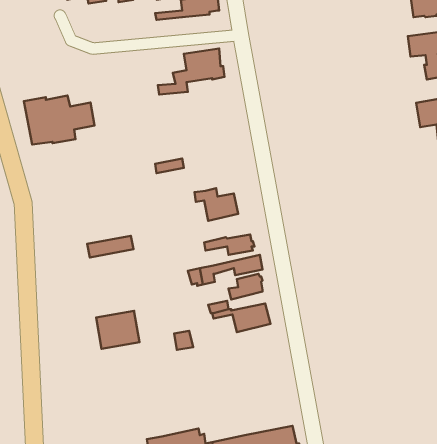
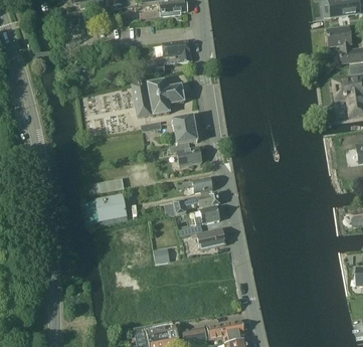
building: [24,96,95,145] -> [132,79,184,116]
building: none -> [171,115,197,145]
building: [96,311,140,349] -> [95,193,127,221]

